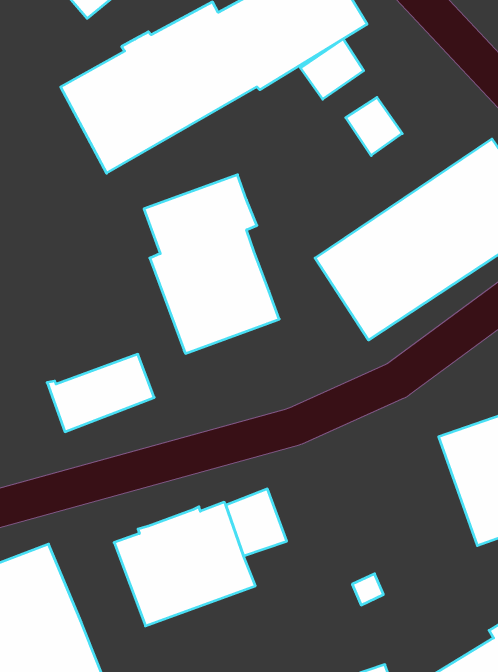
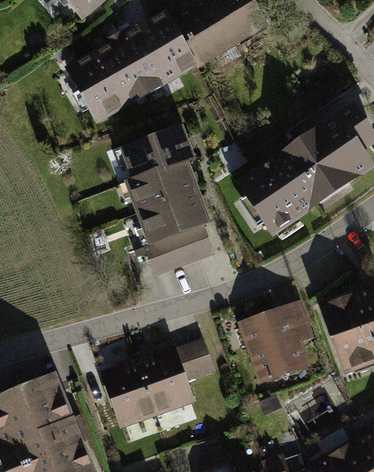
building: [300,39,364,99] -> none
building: [346,97,402,156] -> none
building: [47,354,154,432] -> [142,224,214,276]
building: none -> [237,298,316,383]

